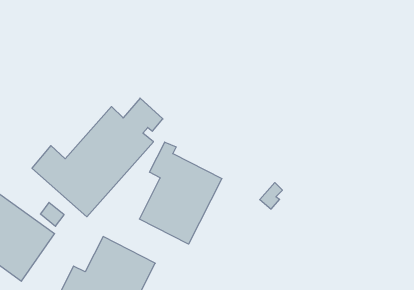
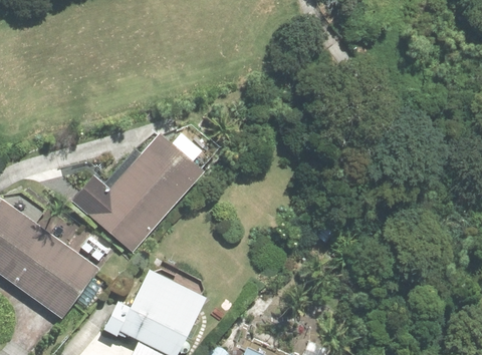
building: [139,142,222,244] -> none

